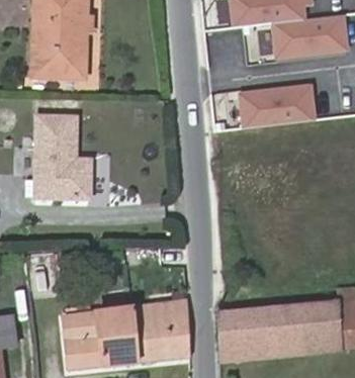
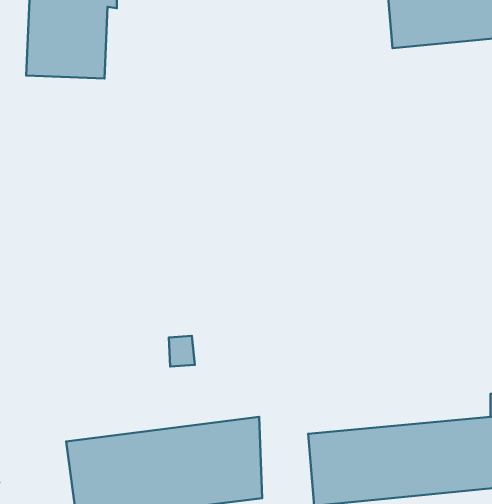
building: [237,81,318,129] -> none
building: [35,117,89,199] -> none

